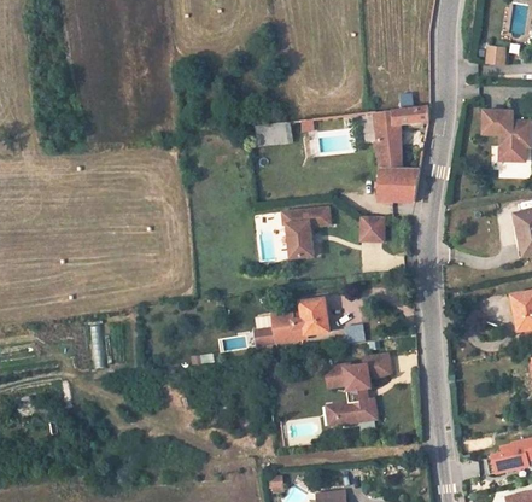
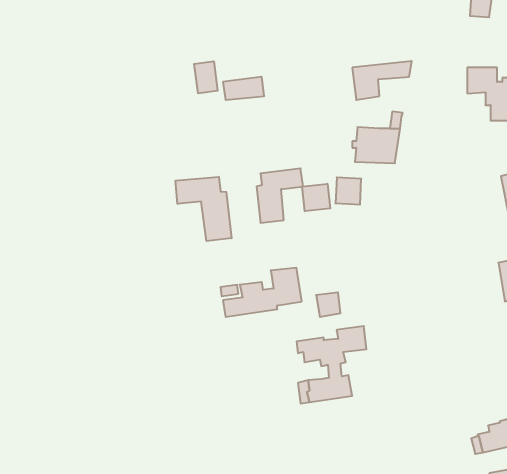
building: none -> [194,61,218,93]
building: [376,139,401,169] -> none
building: none -> [176,177,232,241]
building: none -> [302,184,330,211]

